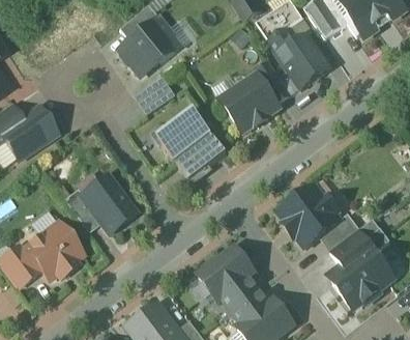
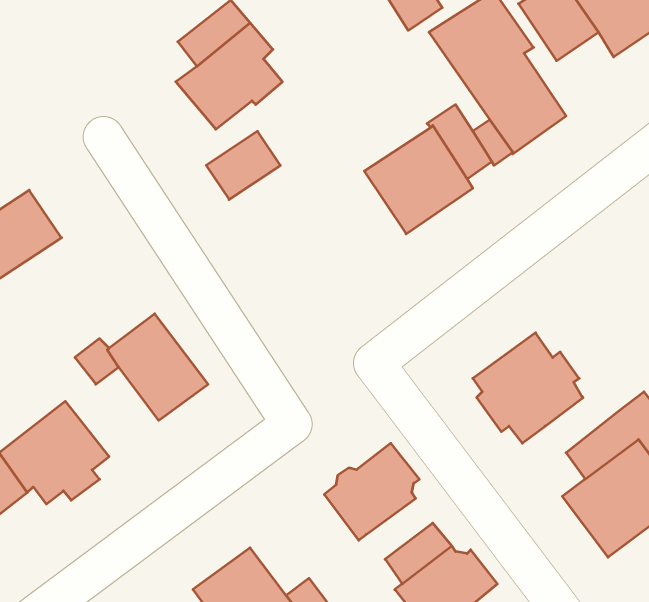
building: [157,110,227,180] -> none
building: [319,214,359,252] -> none
building: [222,277,258,310] -> none

